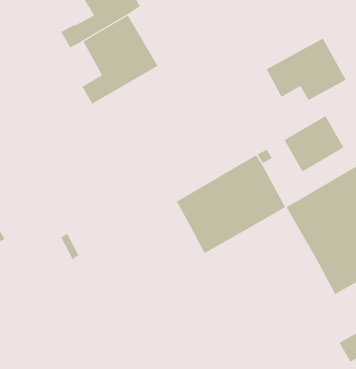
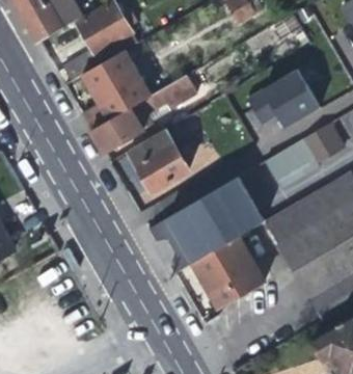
building: none -> [91,74,196,152]
building: none -> [127,128,192,190]
building: none -> [191,237,263,311]

